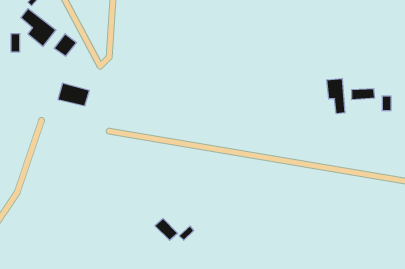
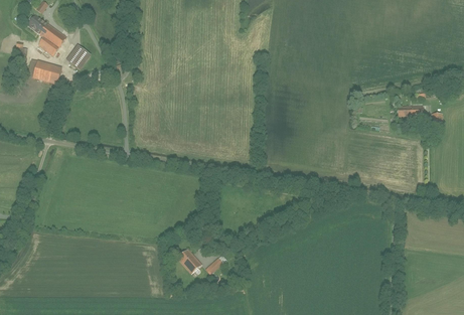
building: [327,78,345,114] -> none
building: [58,83,89,106] -> [25,58,60,84]

